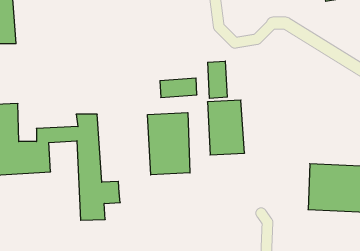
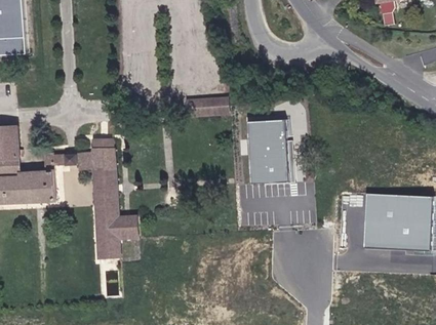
building: [208,61,227,98] -> none
building: [148,113,190,175] -> none

